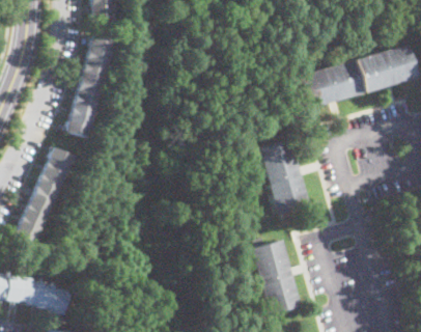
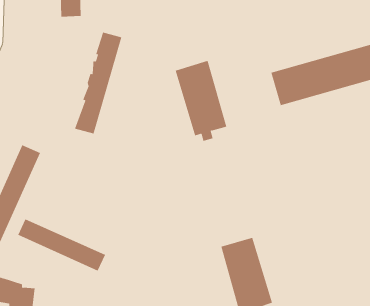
building: [65,34,113,136] -> [74,32,122,134]
building: [259,138,311,219] -> [175,60,227,141]
building: none -> [17,218,106,271]

